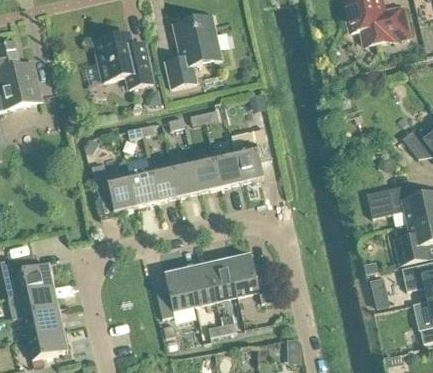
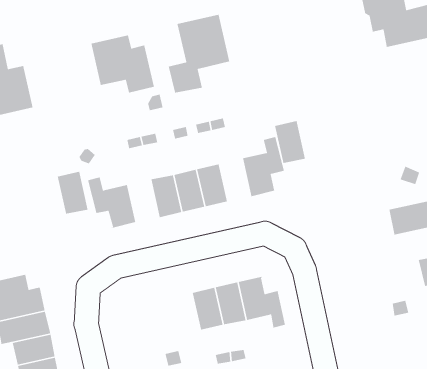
building: [212,148,241,188] -> [274,120,306,164]
building: [128,167,157,207] -> [57,171,89,214]
building: [156,271,195,319] -> none

